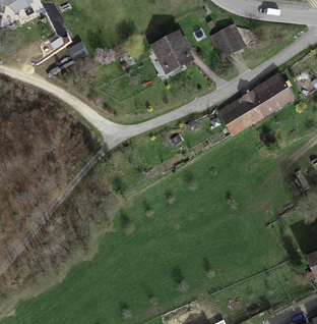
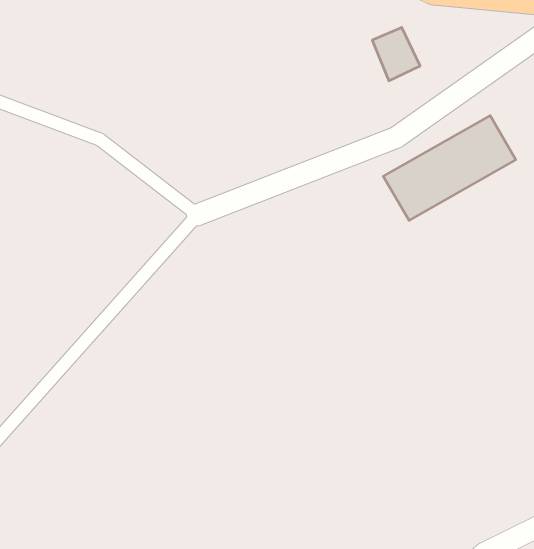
building: [153,35,193,74] -> none

